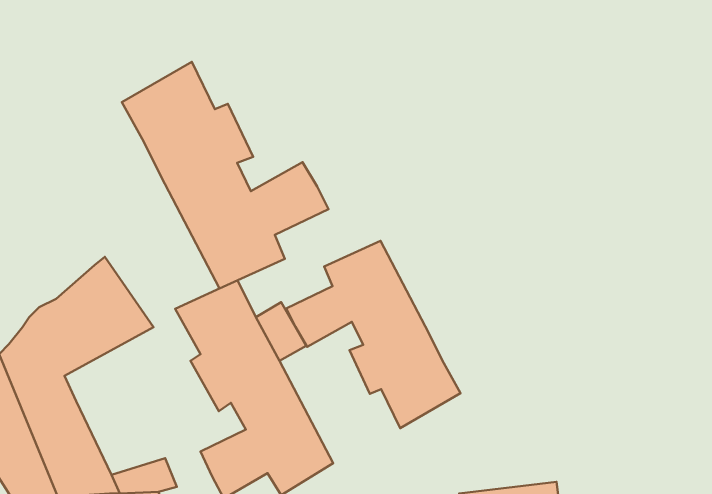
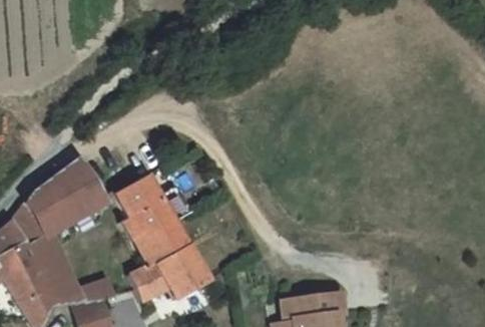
building: [122,62,328,288] -> none
building: [286,241,460,428] -> none

